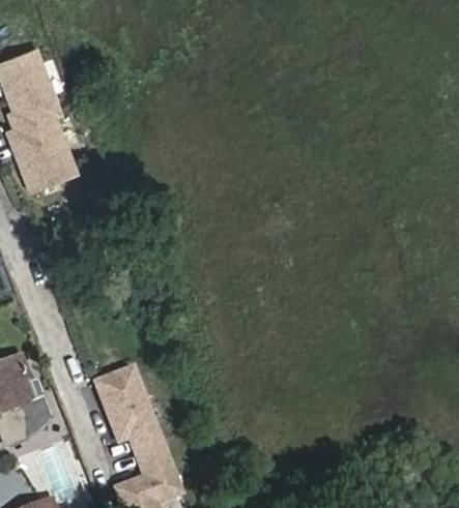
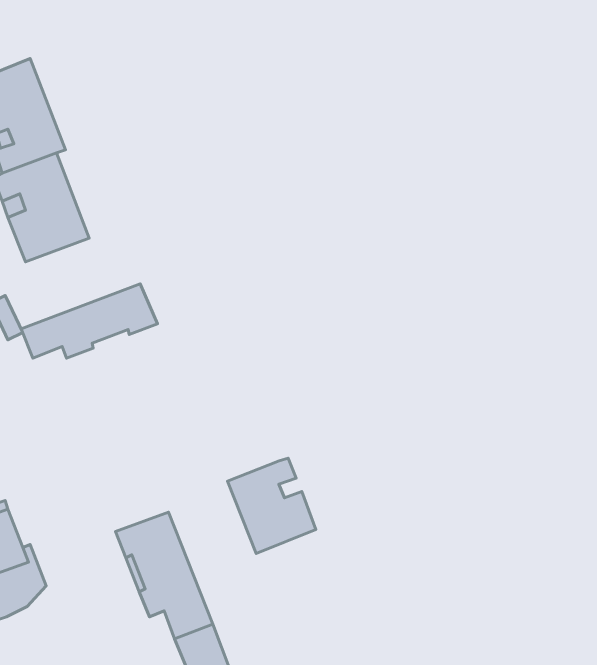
building: none -> [21,284,157,358]
building: none -> [228,458,316,554]

